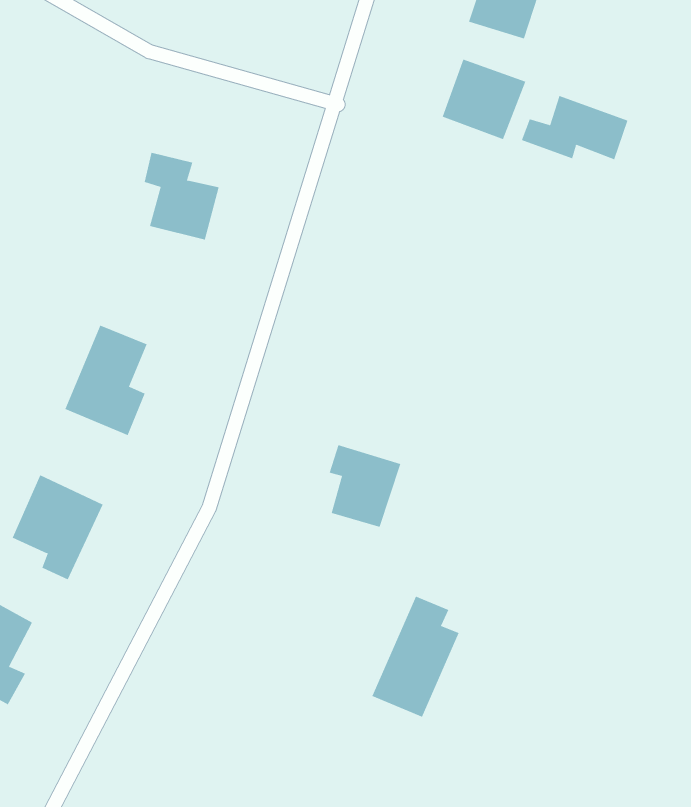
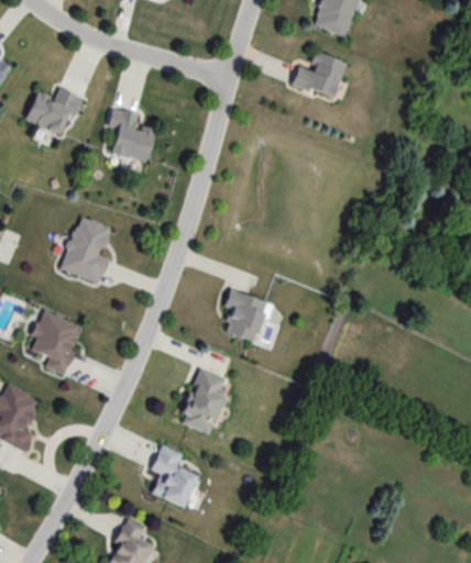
building: [521,95,628,160] -> none
building: none -> [25,87,80,136]
building: [372,596,460,717] -> [178,358,233,434]
building: none -> [150,446,199,508]

